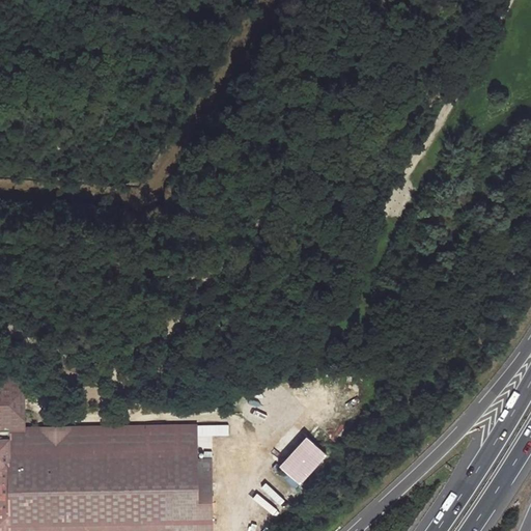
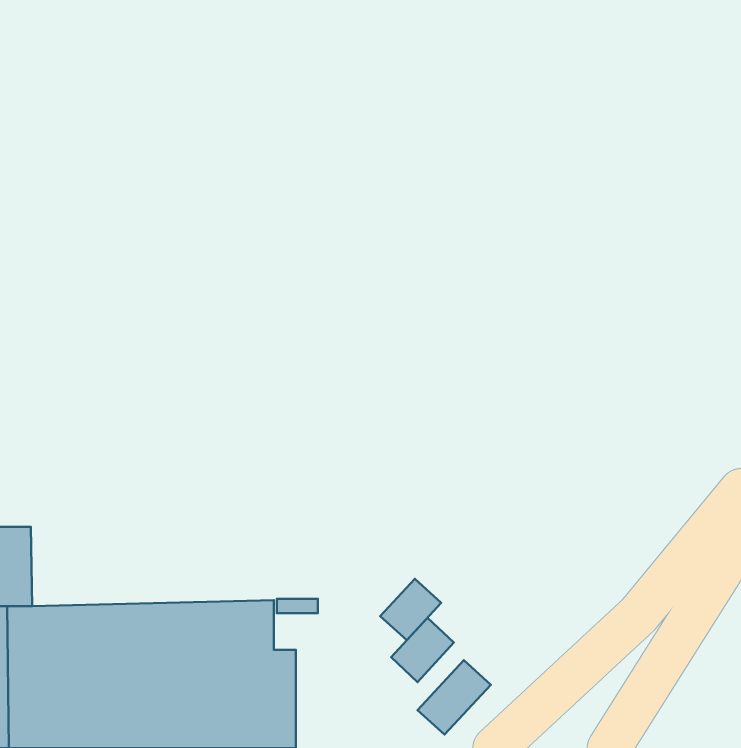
building: none -> [380,579,441,640]
building: none -> [417,660,491,735]

